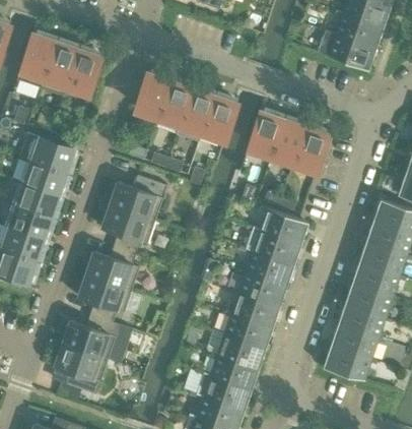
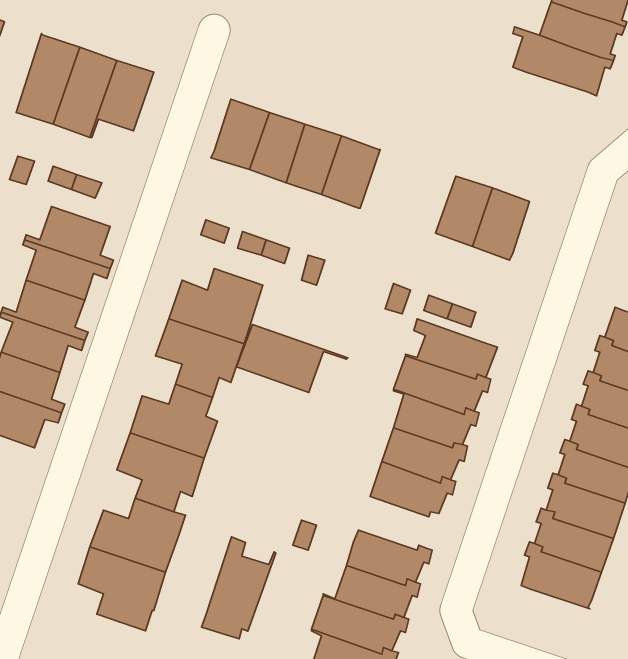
building: [249,112,283,155] -> none
building: none -> [236,325,348,392]
building: [224,314,276,347] -> none
building: none -> [201,537,276,639]

